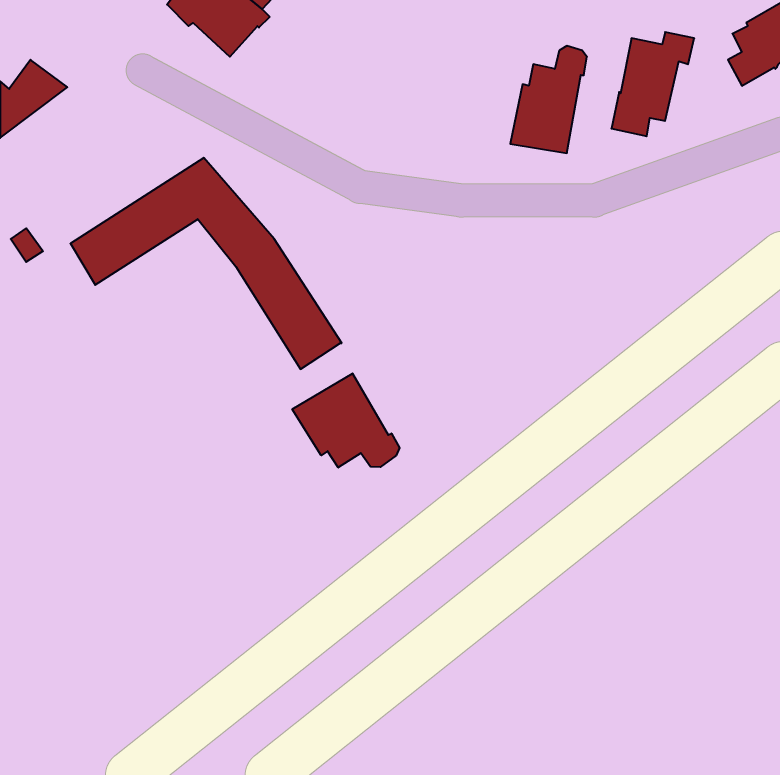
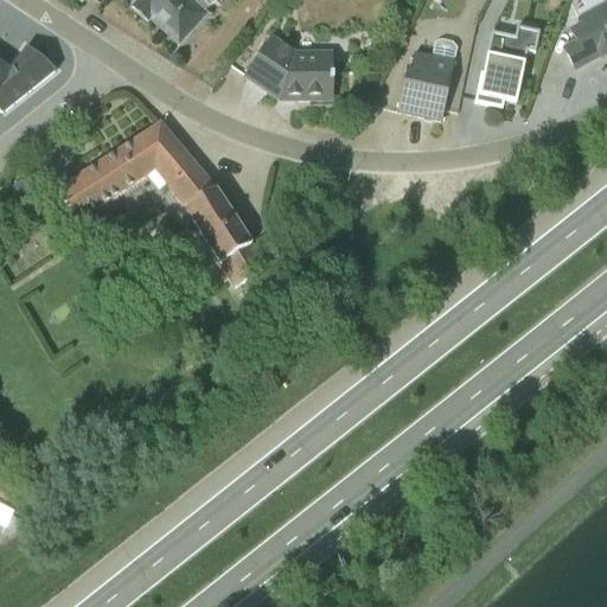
building: none -> [243,33,333,100]
building: [292,373,400,468] -> none

